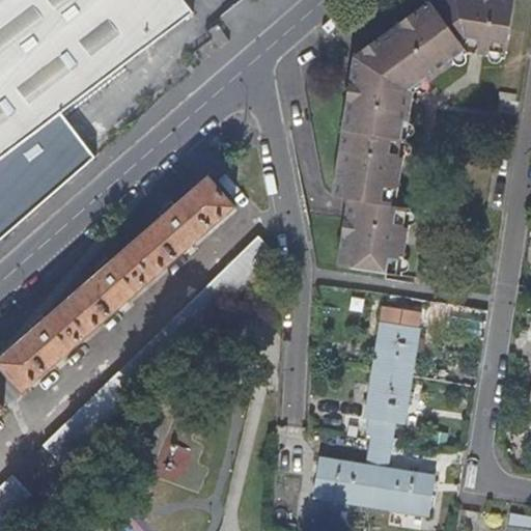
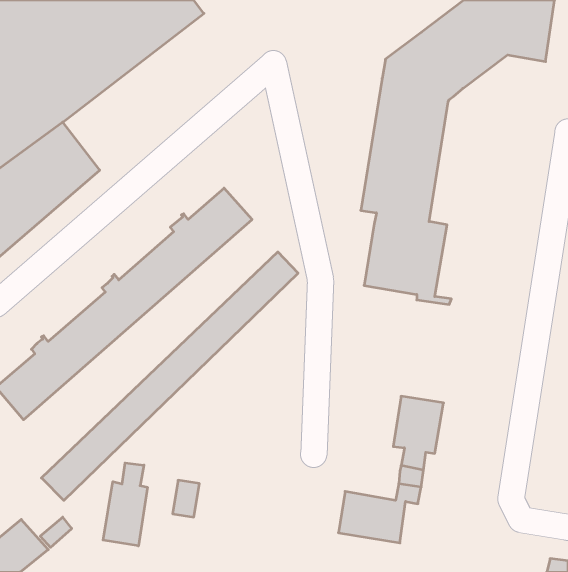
building: [371,305,418,373] -> none
building: none -> [103,463,147,546]
building: [370,465,435,512] -> none

